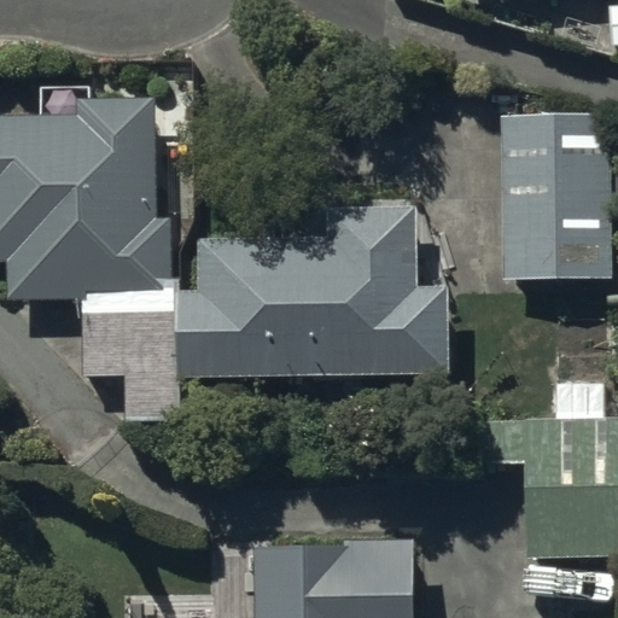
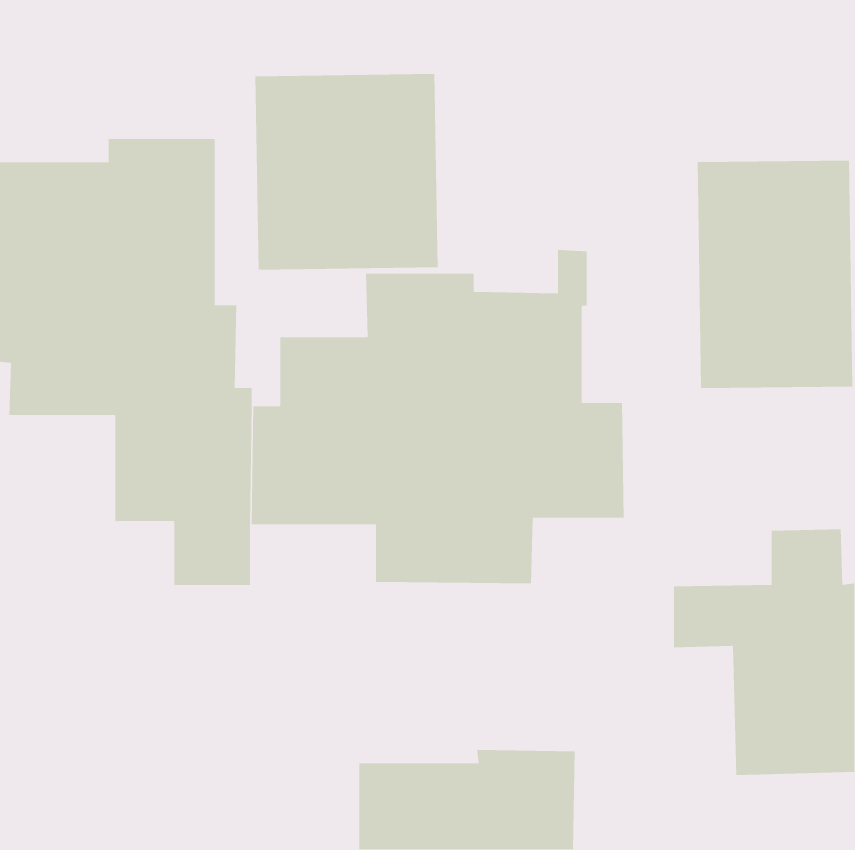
building: none -> [255,73,439,271]

